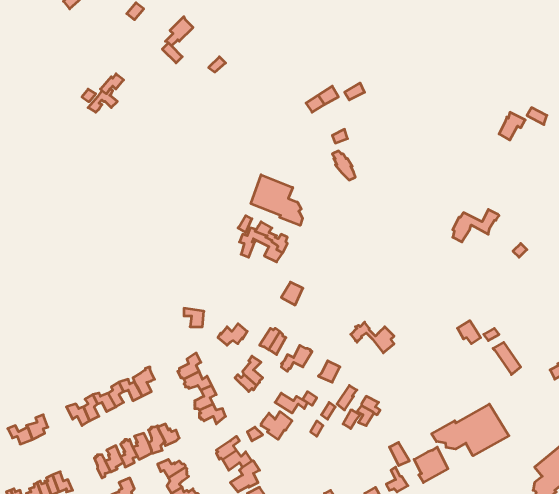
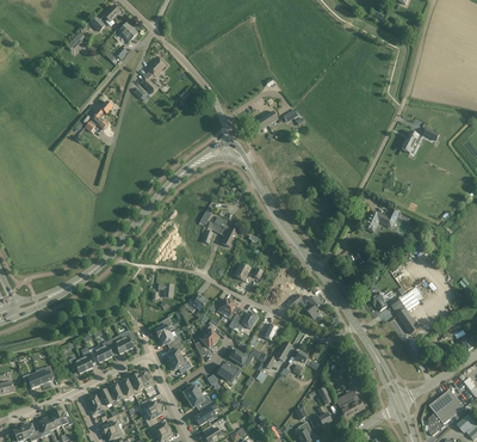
building: [251,175,303,225] -> none
building: [432,404,509,456] -> none

